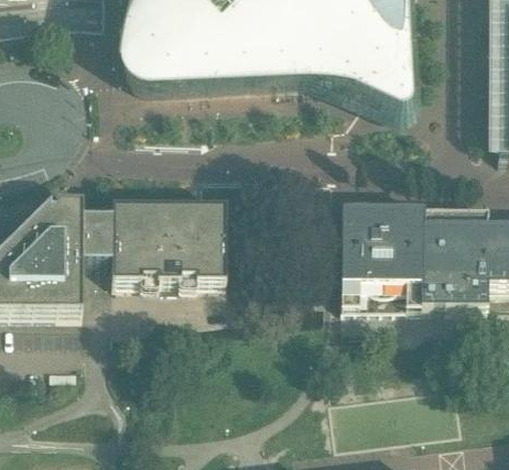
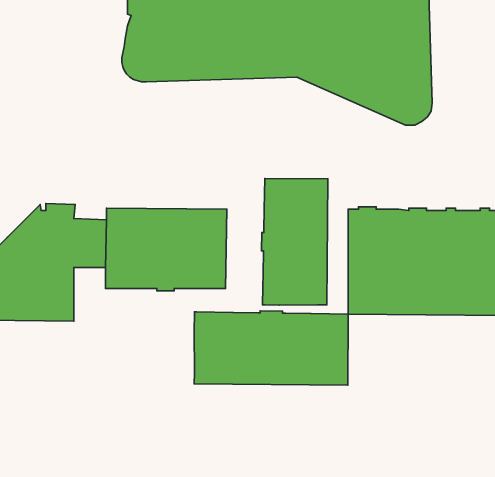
building: none -> [262,179,328,305]
building: none -> [194,311,348,385]

